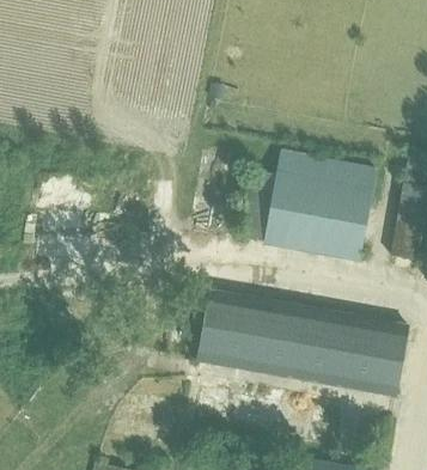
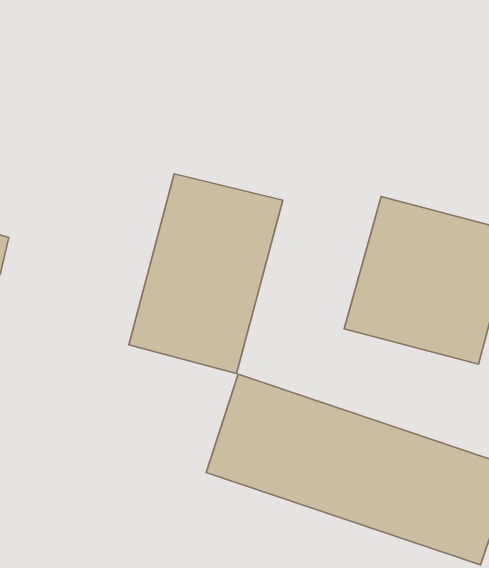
building: none -> [129,174,283,373]

